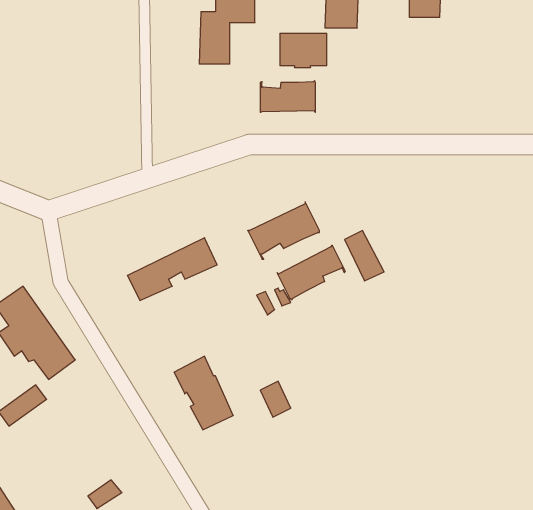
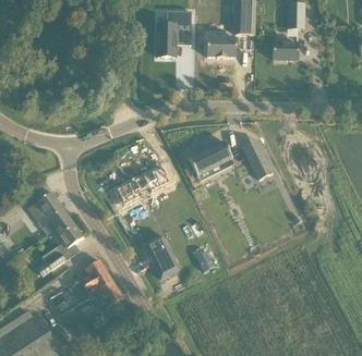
building: none -> [272,40,297,60]
building: [260,81,315,112] -> none
building: [277,245,345,300] -> none
building: none -> [48,260,121,315]

